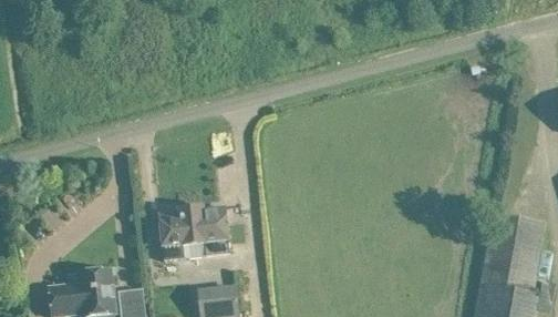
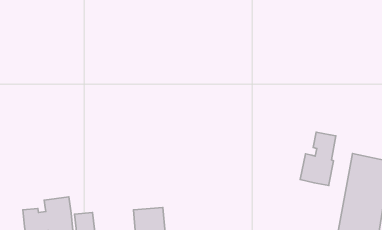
building: none -> [300,132,336,185]
building: [159,205,230,259] -> none

